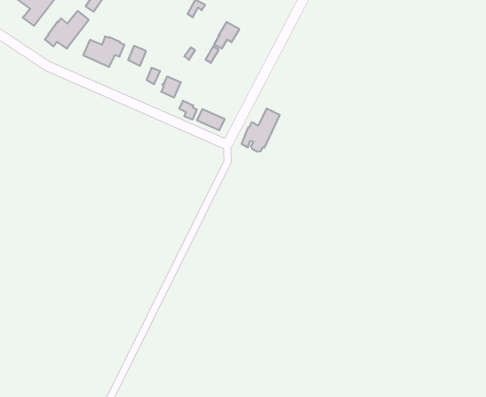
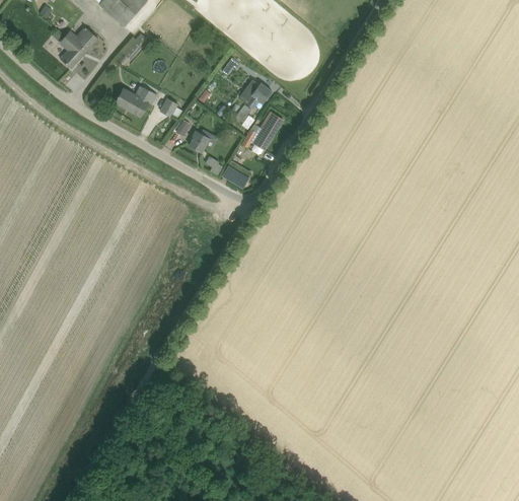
building: [45,11,89,49] -> none
building: [241,108,280,152] -> [241,112,282,153]

